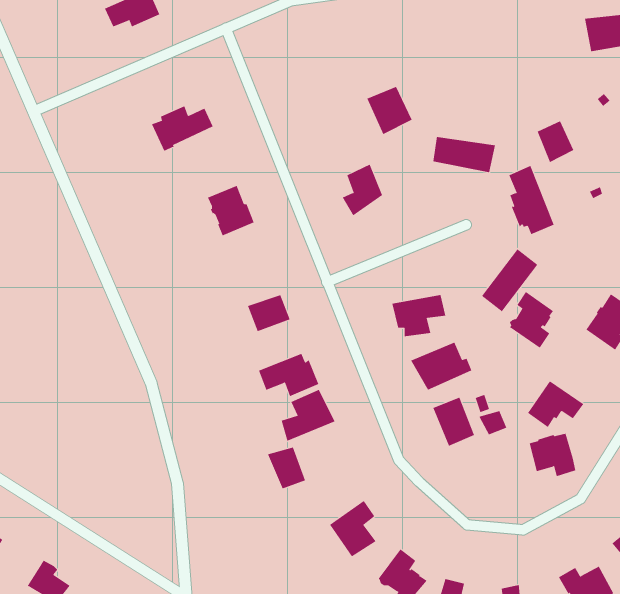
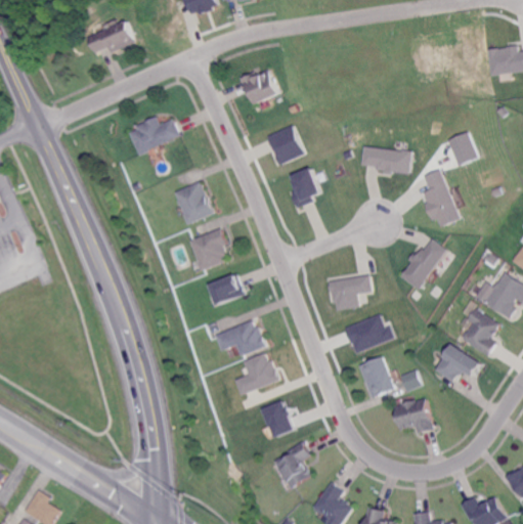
building: none -> [239,71,278,105]
building: [367,86,413,135] -> [264,125,302,165]
building: none -> [189,230,226,272]
building: [509,291,554,348] -> [465,310,502,357]
building: [529,433,576,477] -> [396,400,435,436]
building: [267,447,306,489] -> [260,401,292,436]

